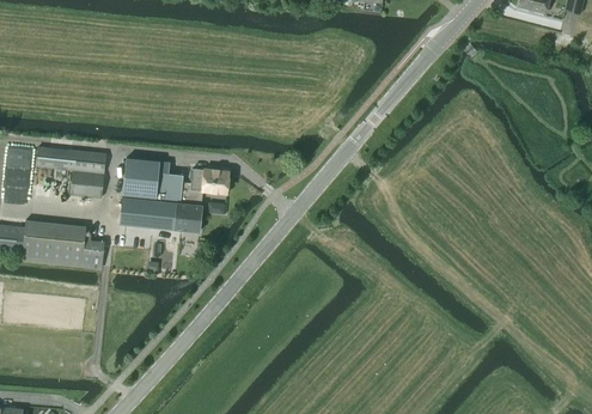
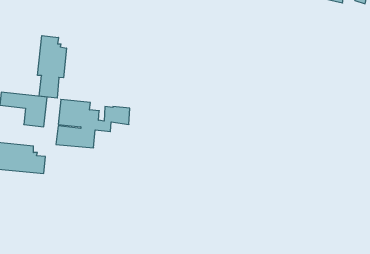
building: none -> [38,36,66,98]
building: [175,202,201,231] -> none

